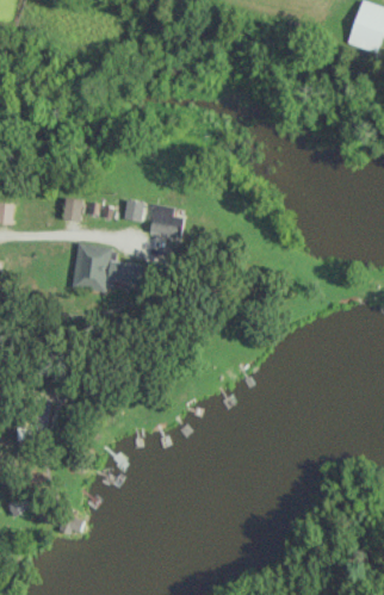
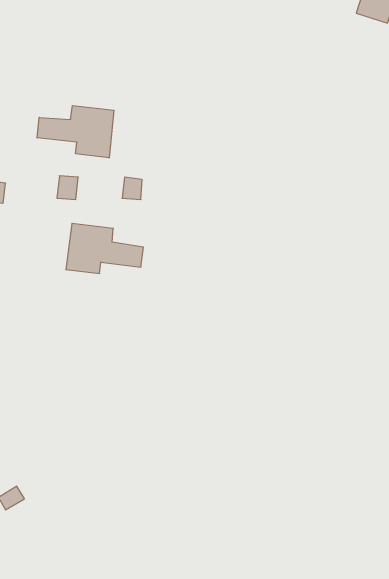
building: none -> [37,106,114,158]
building: [150,205,184,236] -> none

